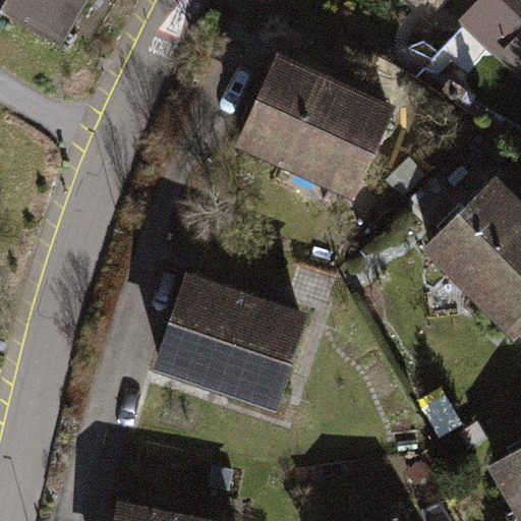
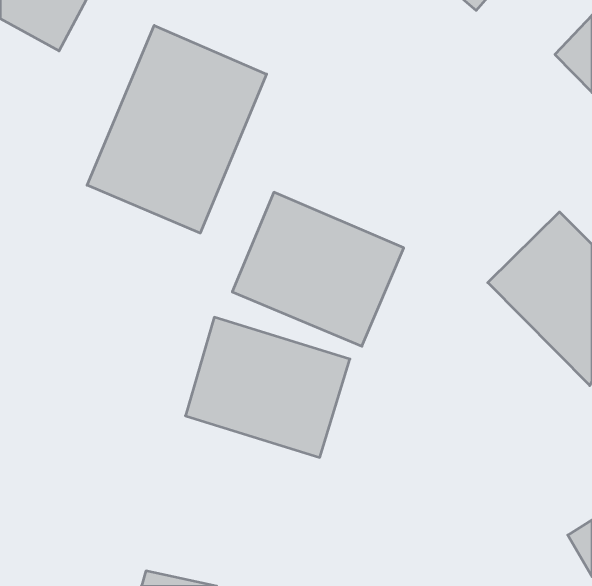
building: none -> [87,25,267,233]
building: [237,58,388,193] -> [232,192,404,346]

